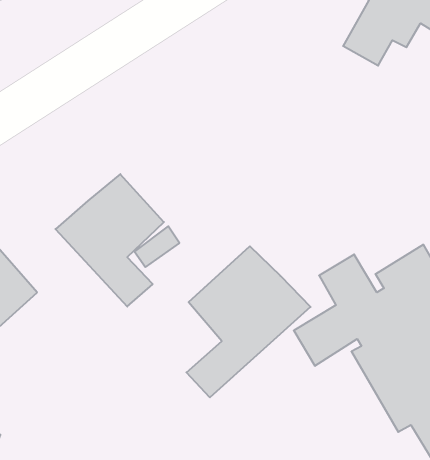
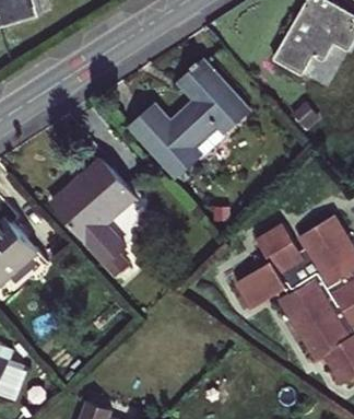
building: none -> [128,59,247,176]
building: [186,246,311,397] -> none

